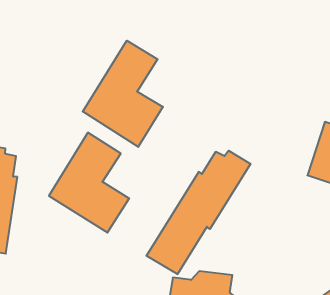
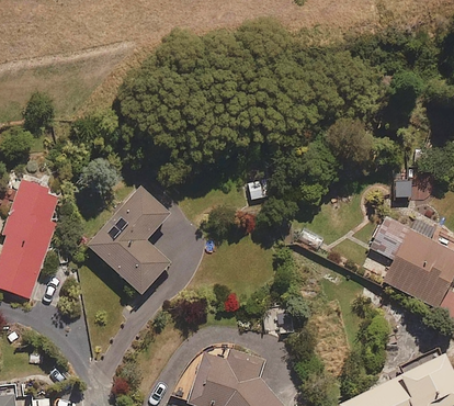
building: [83,41,163,147] -> none
building: [146,151,250,274] -> none

